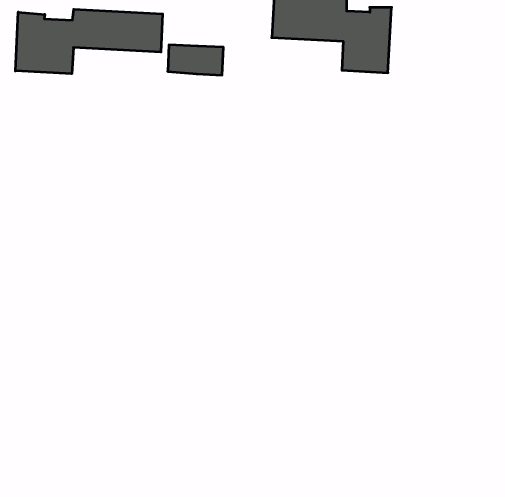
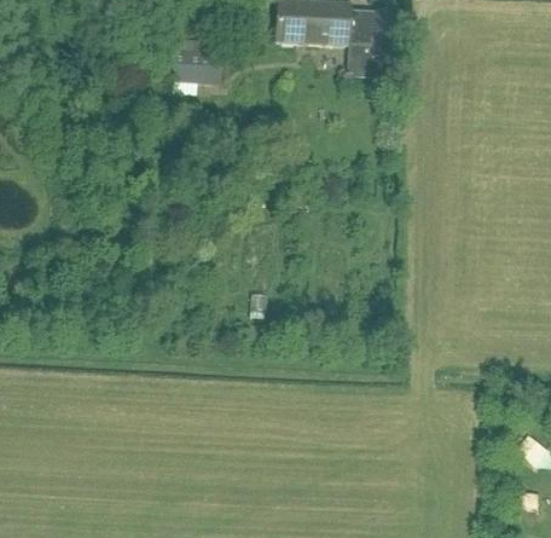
building: [15,9,163,74] -> none

